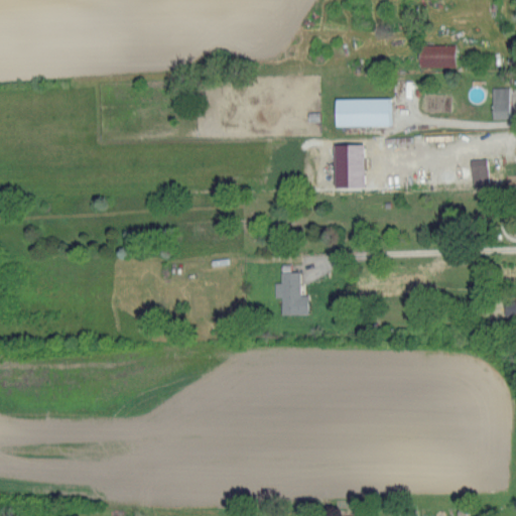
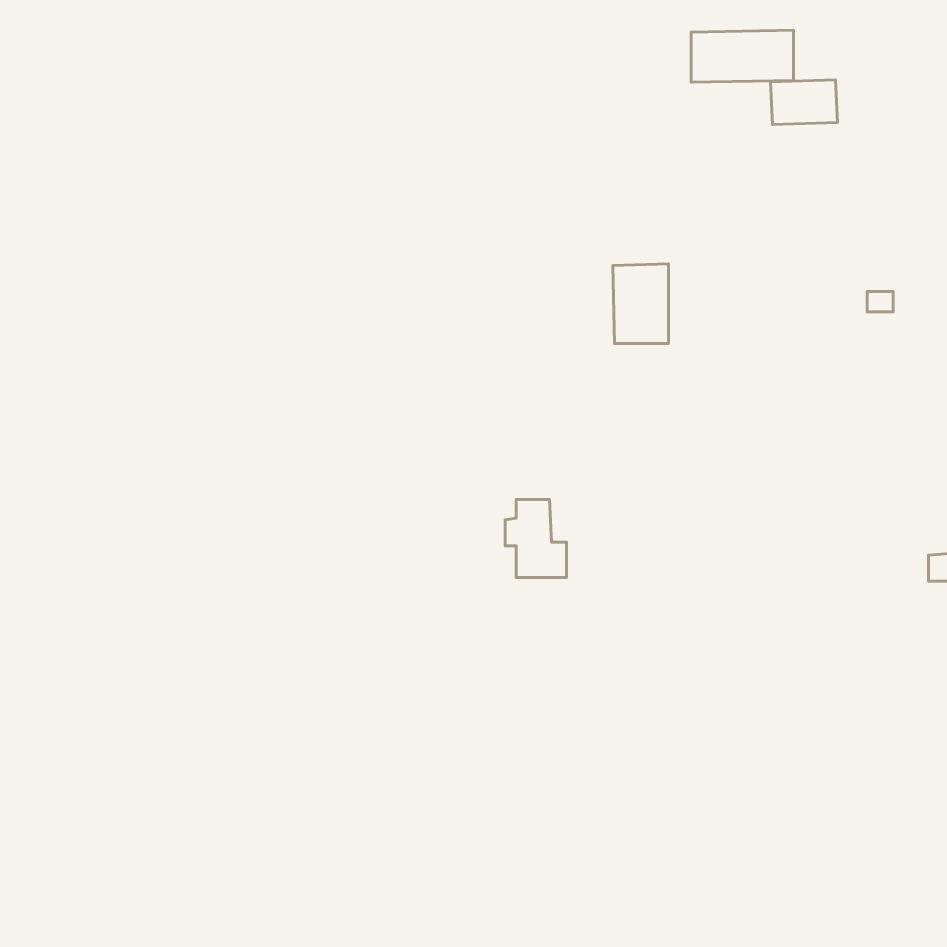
building: [493,88,510,119] -> none
building: [336,98,391,126] -> [691,30,793,82]

